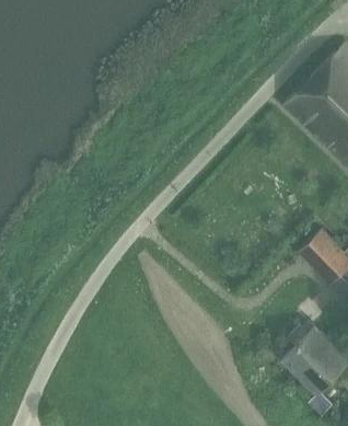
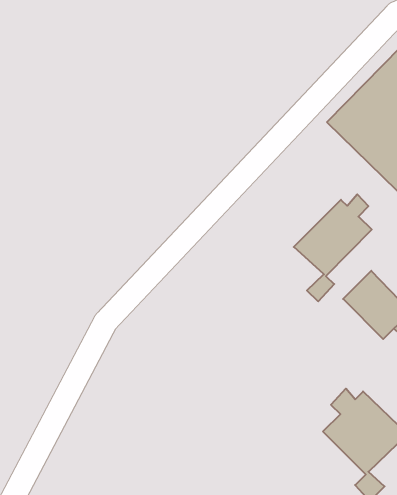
building: none -> [294,194,372,301]

